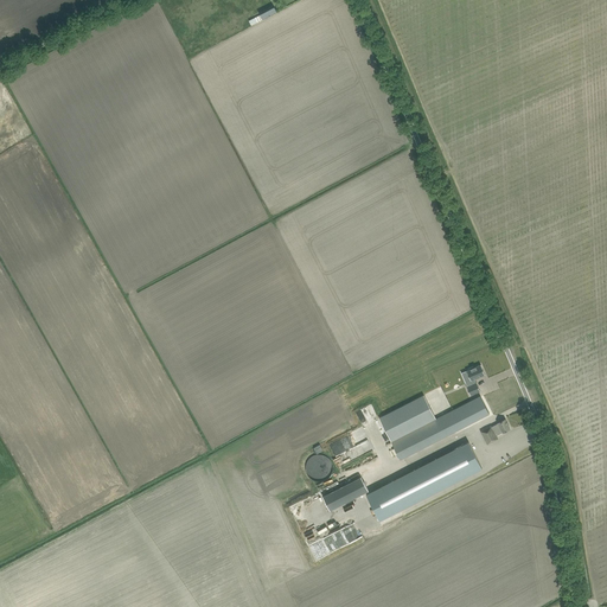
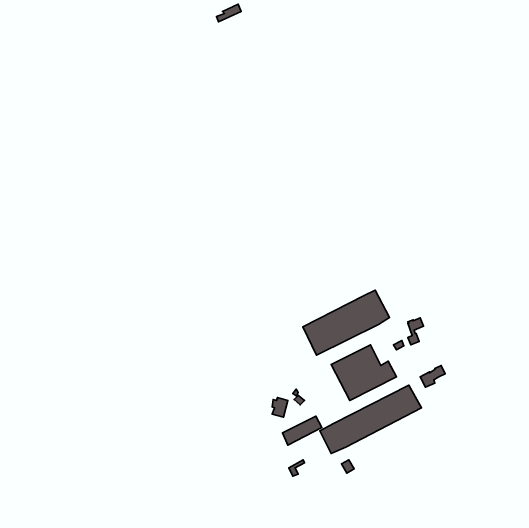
building: none -> [303,290,389,355]
building: [445,396,490,433] -> none

